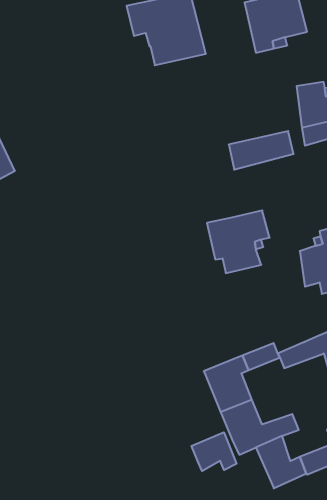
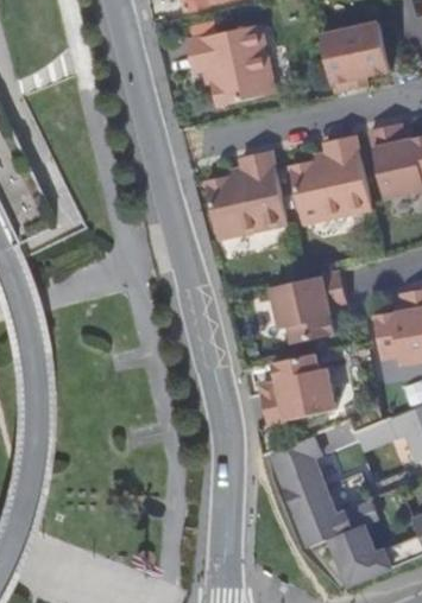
building: none -> [291,147,364,197]
building: none -> [201,151,286,239]
building: none -> [260,354,336,425]
building: [191,432,237,471] -> none

